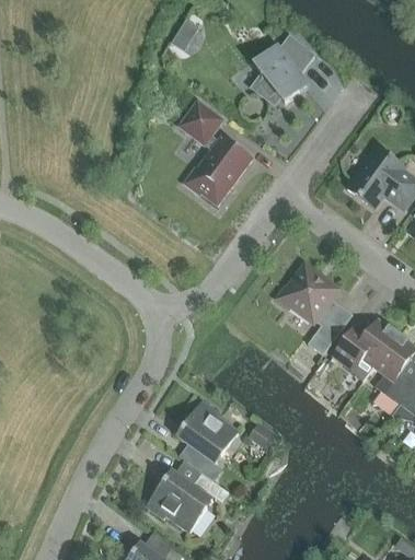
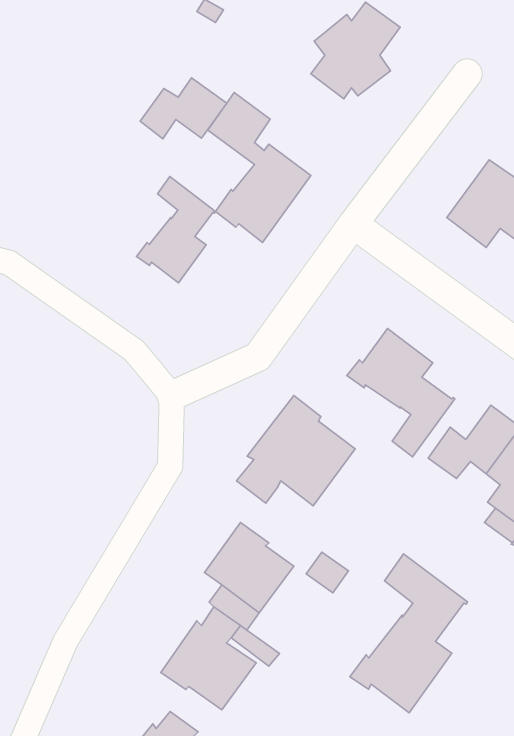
building: none -> [140,78,227,139]
building: none -> [136,177,216,283]
building: none -> [237,395,355,506]
building: none -> [350,554,467,713]

